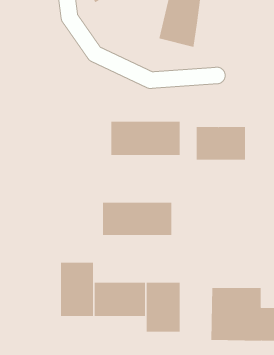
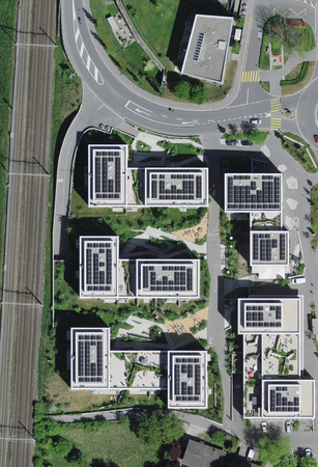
building: none -> [88,144,127,207]
building: none -> [250,212,289,266]
building: none -> [79,237,118,298]
building: none -> [237,297,300,357]

